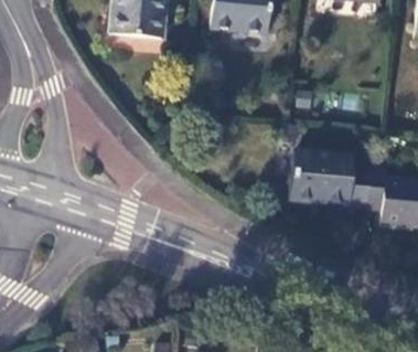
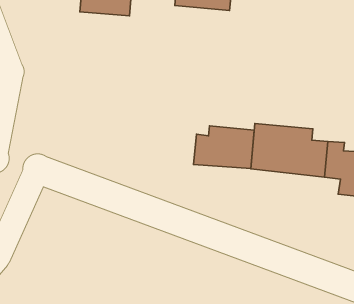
building: none -> [194,126,254,169]

